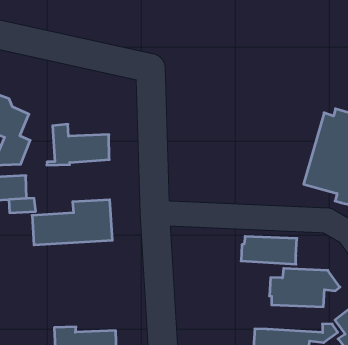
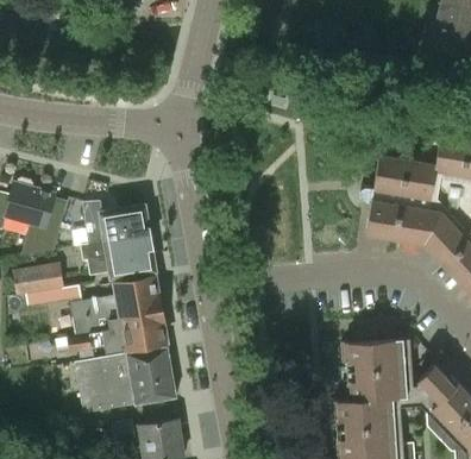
building: none -> [82,234,157,279]
building: [241,236,297,264] -> [345,367,407,400]
building: none -> [69,322,168,354]
building: none -> [77,348,177,414]

